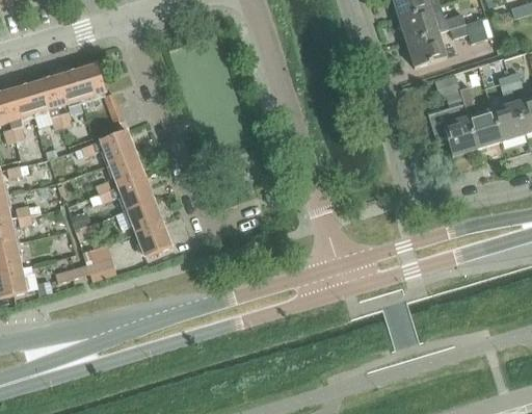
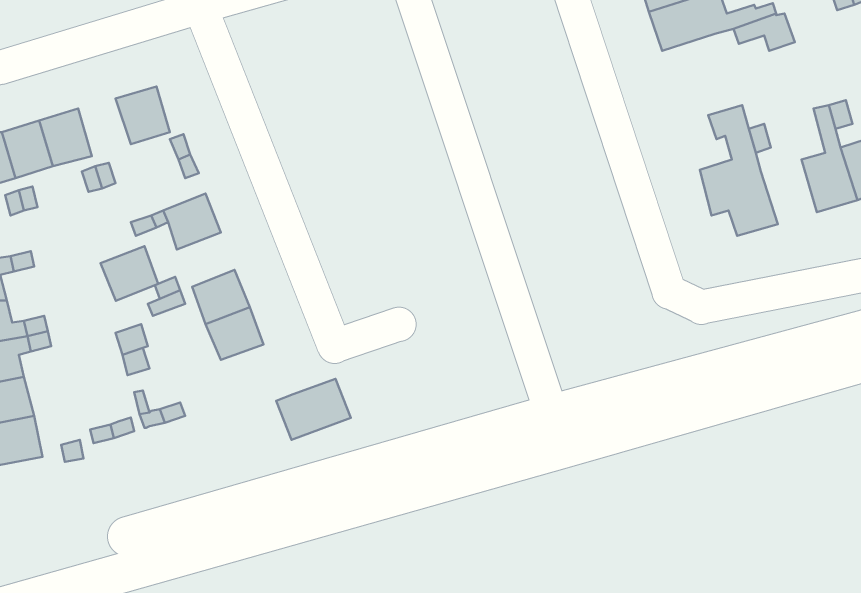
building: [406,31,446,66] -> none
building: [49,71,81,106] -> none
building: [467,108,501,148] -> none
building: [109,153,144,186] -> [100,246,158,301]
building: [126,222,171,259] -> [276,379,351,440]

